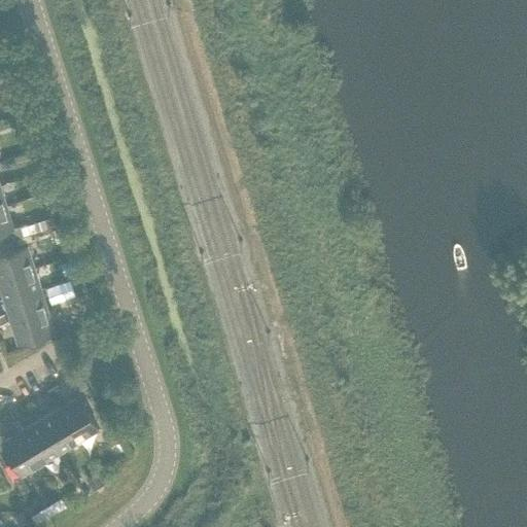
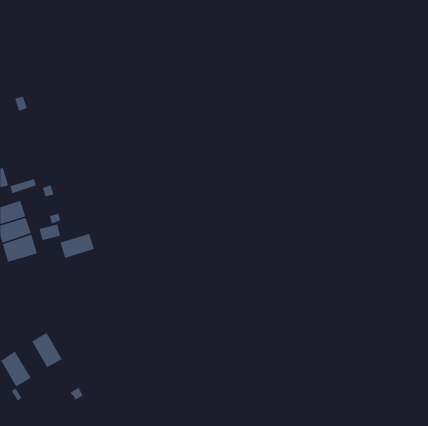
building: [9,315,52,347] -> [60,233,95,259]
building: [58,399,97,445] -> none
building: [19,422,58,467] -> none

